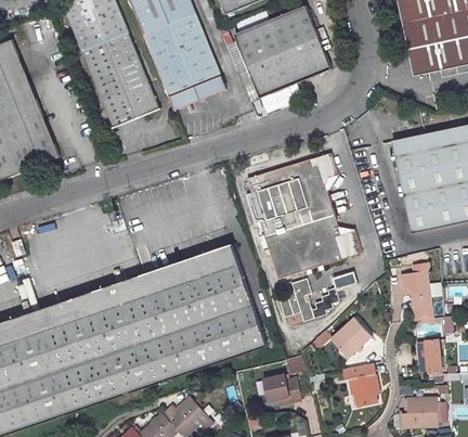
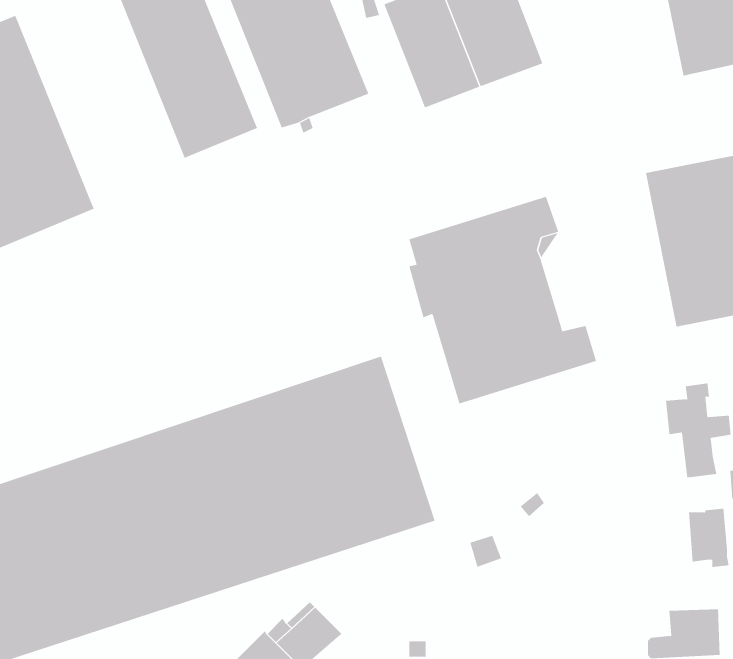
building: [278,269,360,319] -> none
building: [332,317,372,356] -> none
building: [343,361,378,403] -> none
building: [263,374,300,401] -> none

